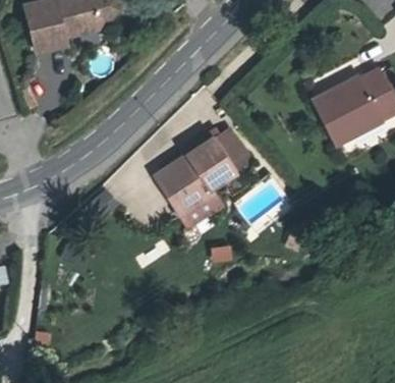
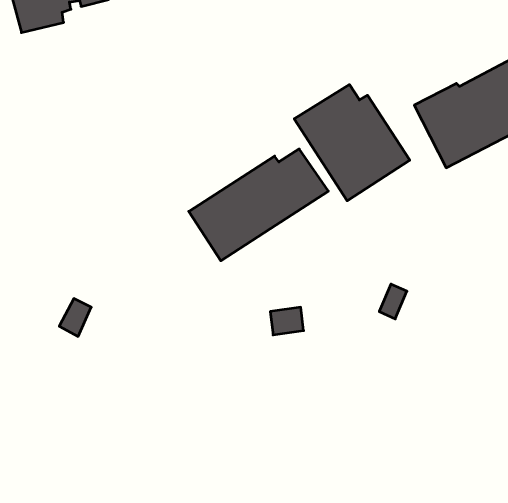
building: none -> [294,85,410,201]
building: [176,187,222,227] -> none

